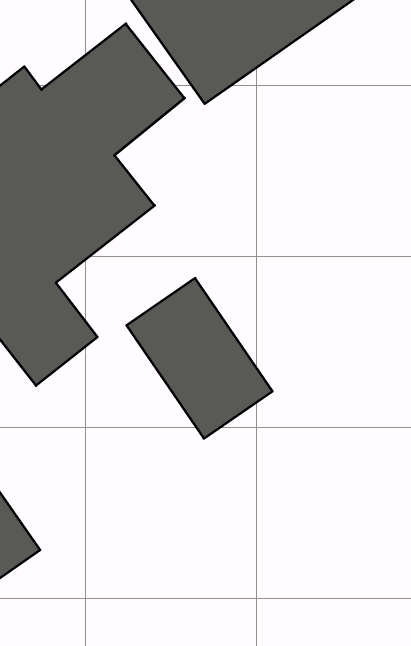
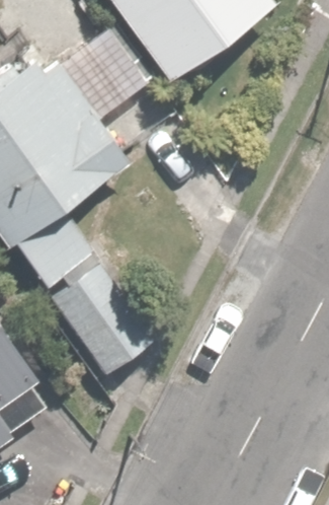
building: [127,278,272,438] -> [48,259,151,372]

